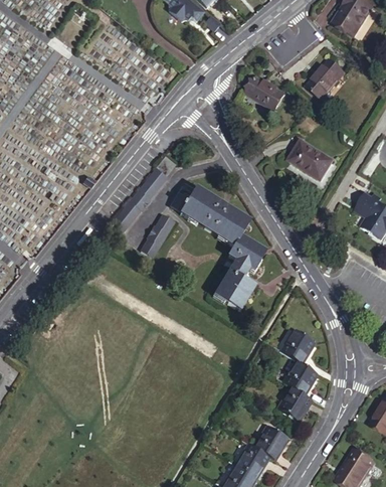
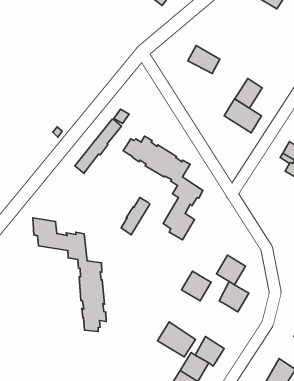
building: [310,61,342,97] -> [235,79,262,108]
building: [140,211,174,256] -> [121,197,150,235]
building: none -> [33,218,106,332]
building: [276,384,312,420] -> [182,271,211,301]
building: none -> [158,322,195,357]

